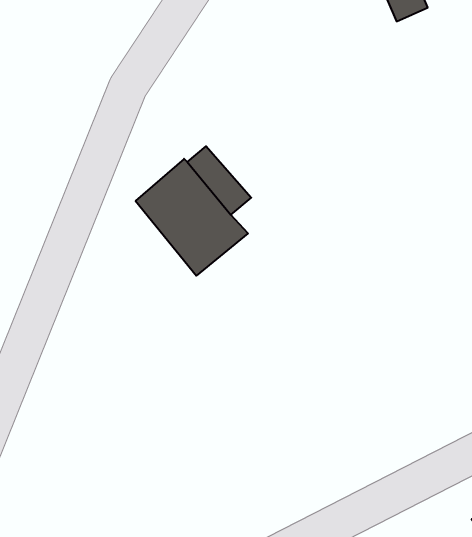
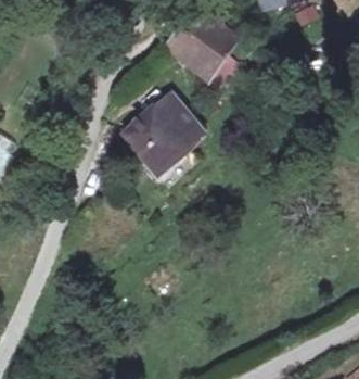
building: none -> [168,16,238,85]

